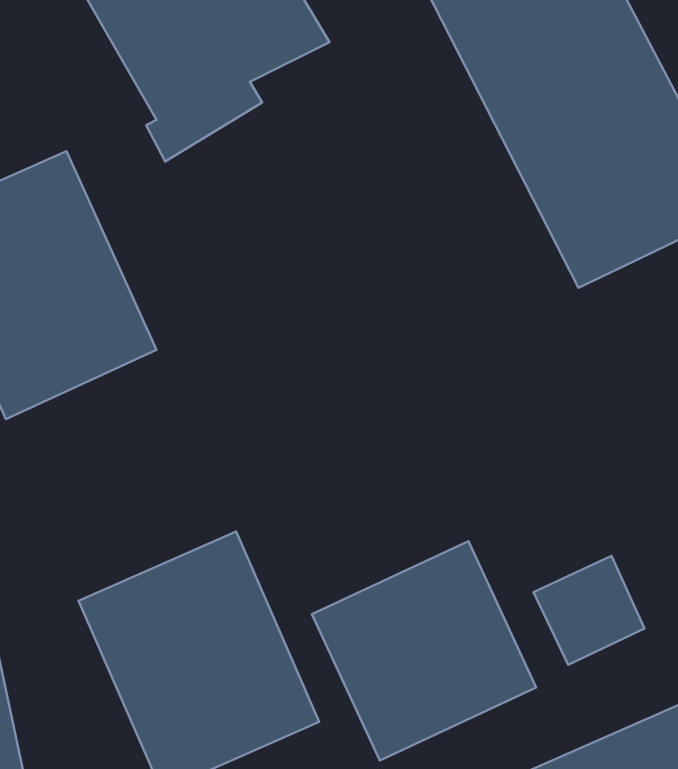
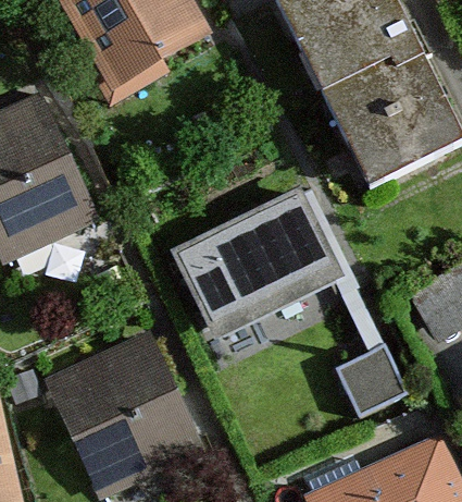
building: none -> [166,184,345,334]
building: [312,541,536,761] -> none

